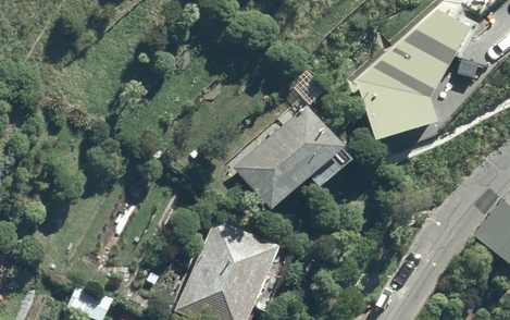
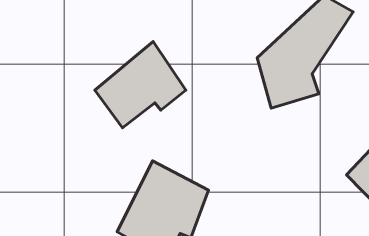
building: [233,101,351,213] -> [95,42,186,128]

